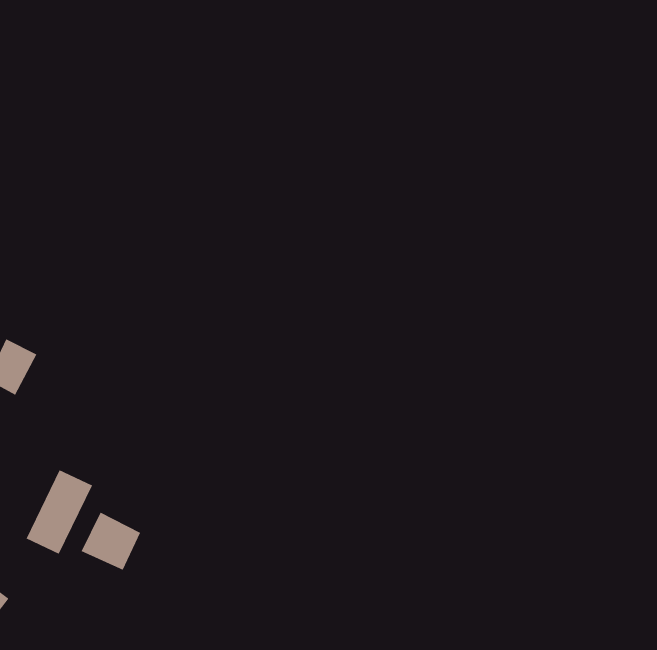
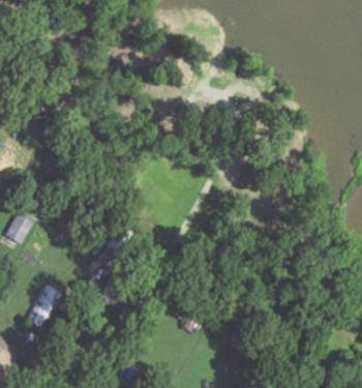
building: [81,511,141,571] -> none

